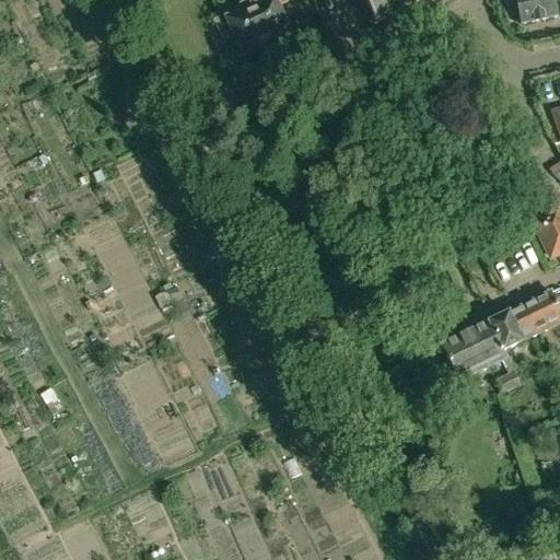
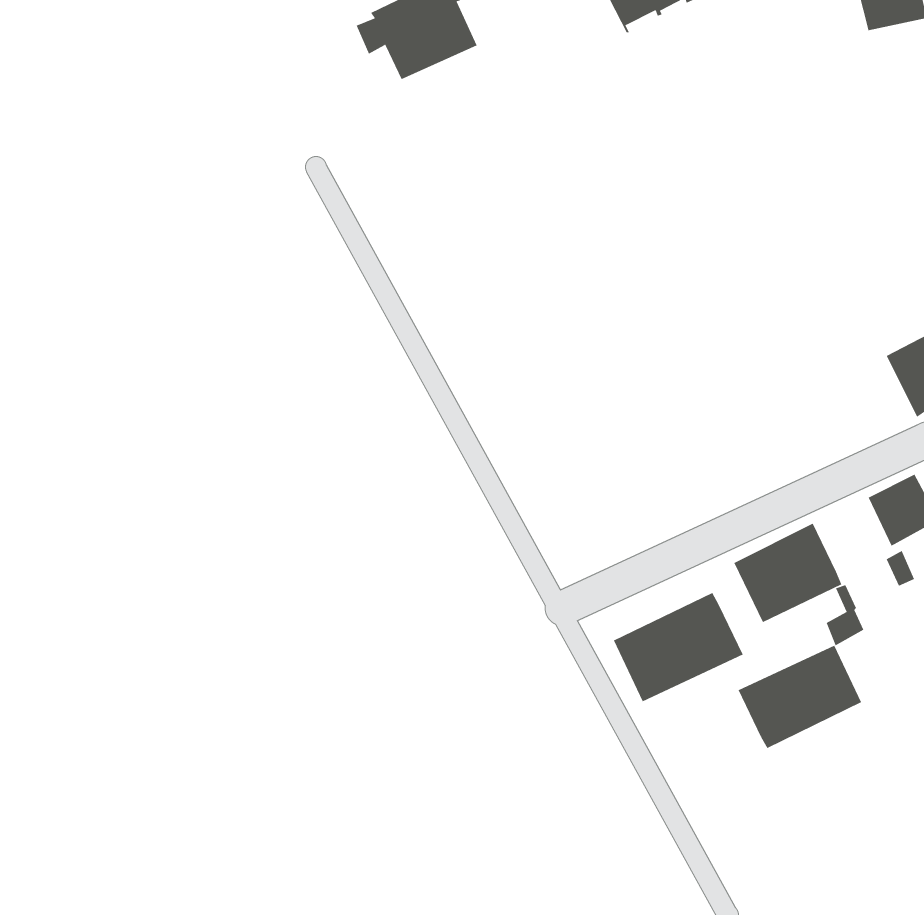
building: [492,300,539,345] -> none
building: none -> [613,592,744,702]
building: none -> [738,645,862,749]

